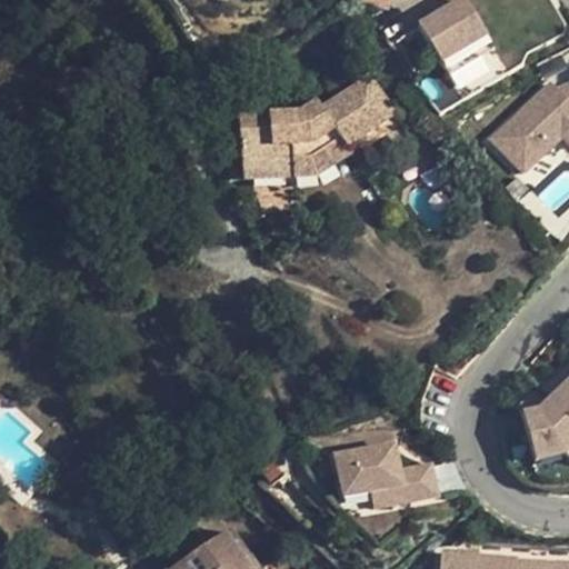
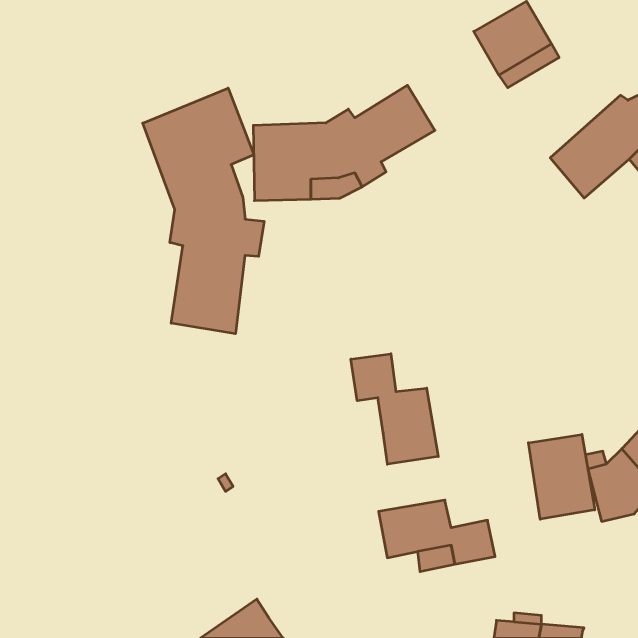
building: none -> [143,88,264,334]
building: none -> [351,354,438,464]
building: none -> [528,434,595,519]

